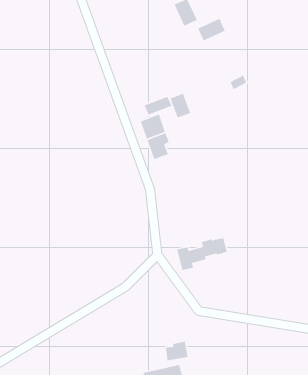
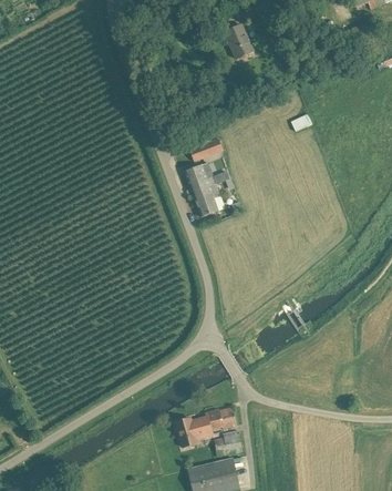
building: [197,18,226,42] -> none
building: [169,93,191,119] -> none
building: [176,237,227,271] -> [175,406,236,446]

